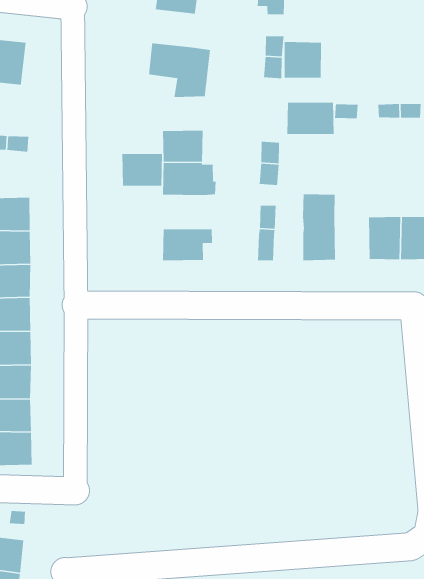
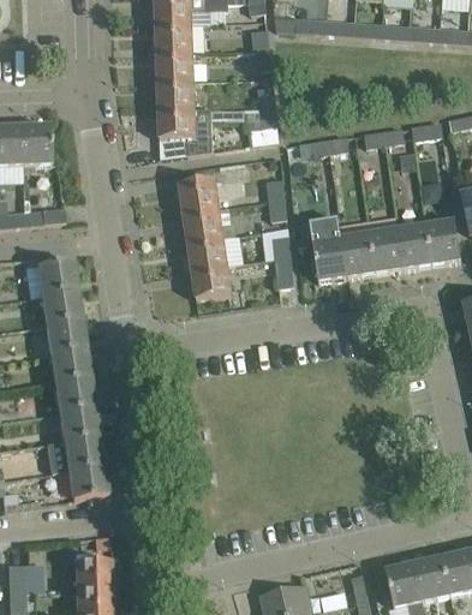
building: none -> [157,79,195,109]
building: [284,41,322,78] -> none
building: [122,153,163,187] -> [187,237,227,270]
building: none -> [341,234,376,276]

